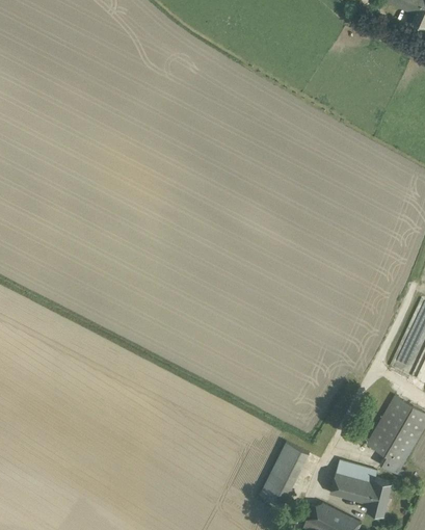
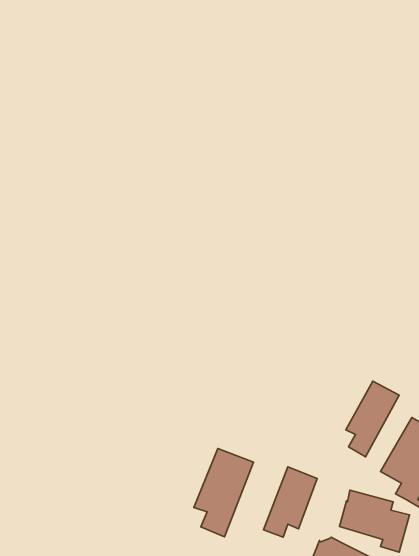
building: none -> [346,381,399,457]
building: none -> [194,449,254,537]

